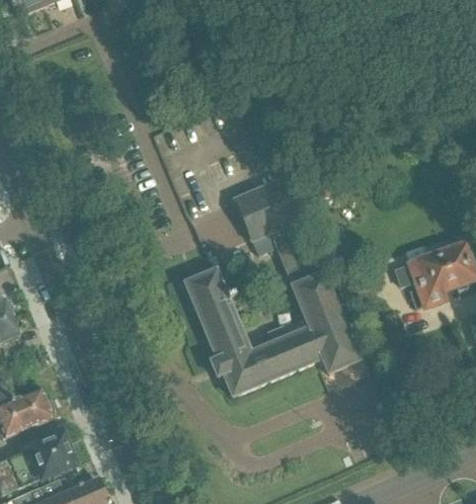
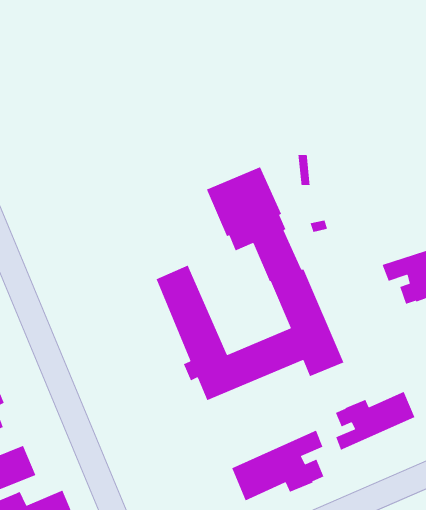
building: none -> [335,391,415,451]
building: none -> [231,430,325,501]

